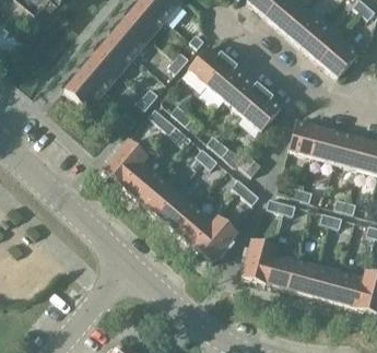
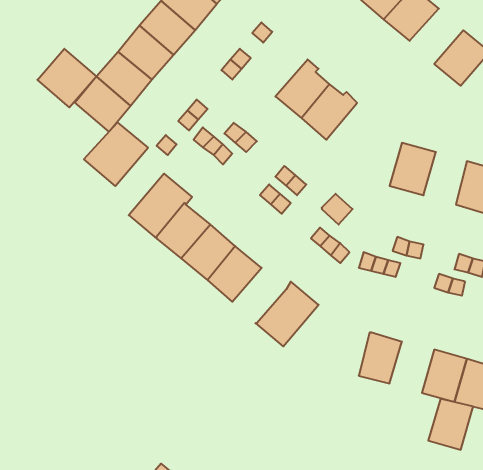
building: [302,23,340,62] -> none
building: [188,45,229,85] -> none
building: none -> [37,49,96,107]
building: [243,90,282,131] -> none
building: none -> [84,123,148,186]
building: [311,125,342,162] -> none
building: [176,207,214,246] -> none
building: [241,239,275,284] -> none
building: [287,259,319,295] -> [428,399,473,450]

